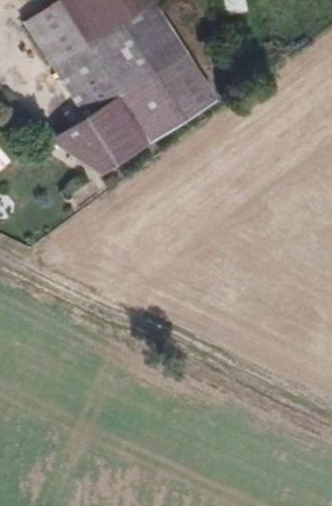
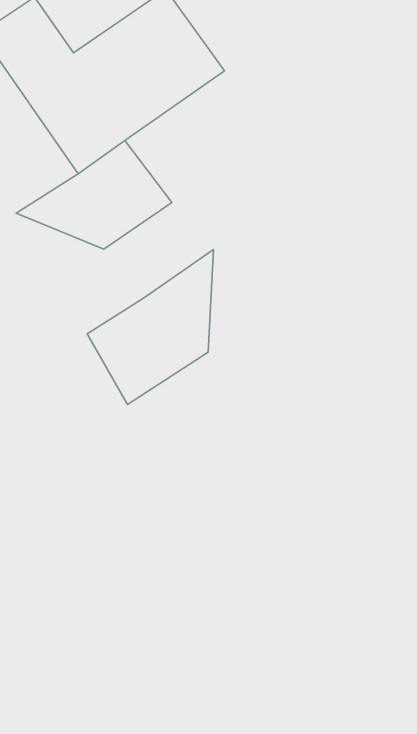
building: [106,53,204,142] -> none
building: none -> [87,249,213,404]

